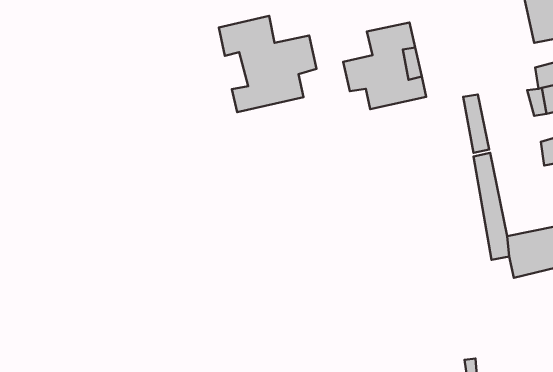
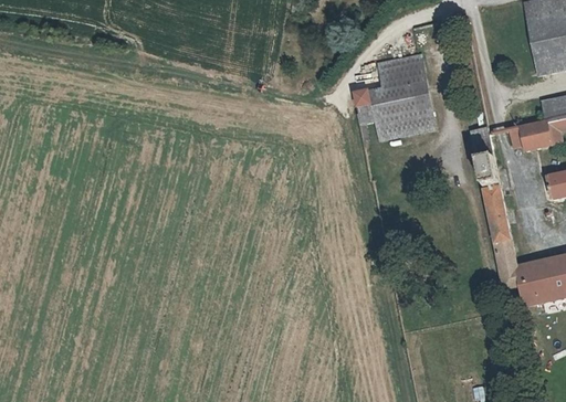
building: [219,16,316,112] -> none
building: none -> [510,121,542,150]

